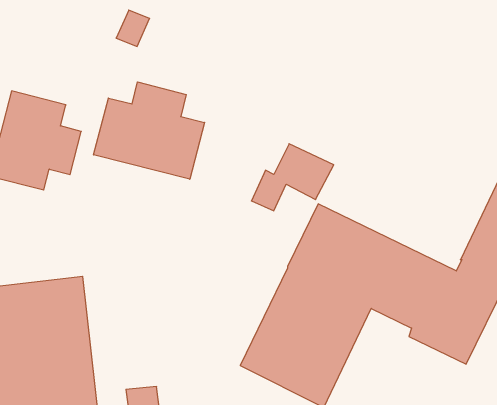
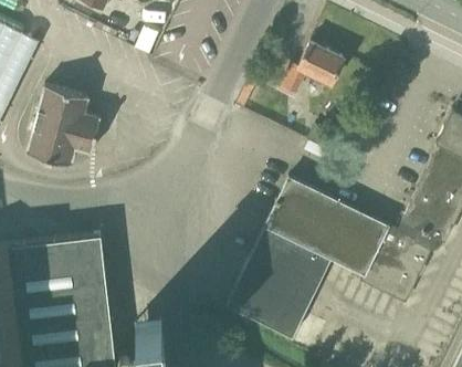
building: [94,82,205,179] -> none
building: [251,144,334,211] -> [279,42,344,95]

